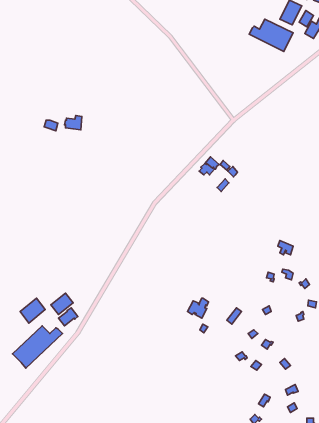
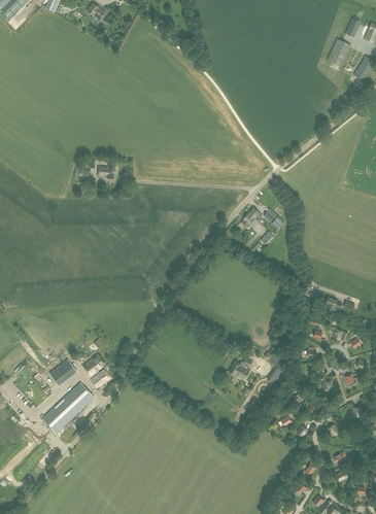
building: [249,19,293,52] -> none

